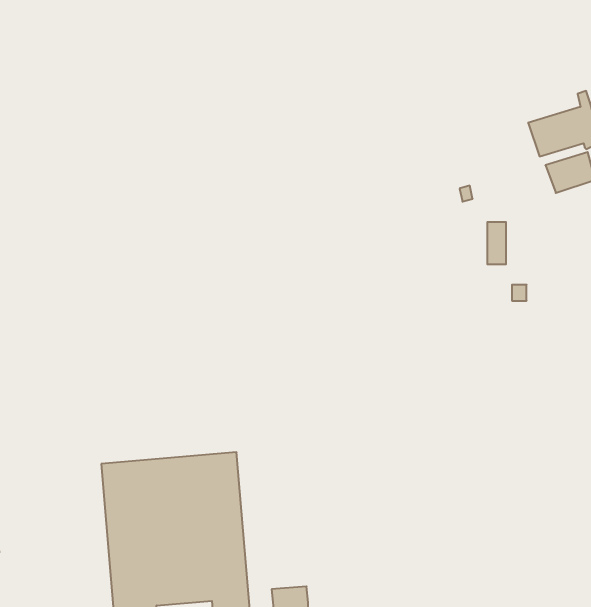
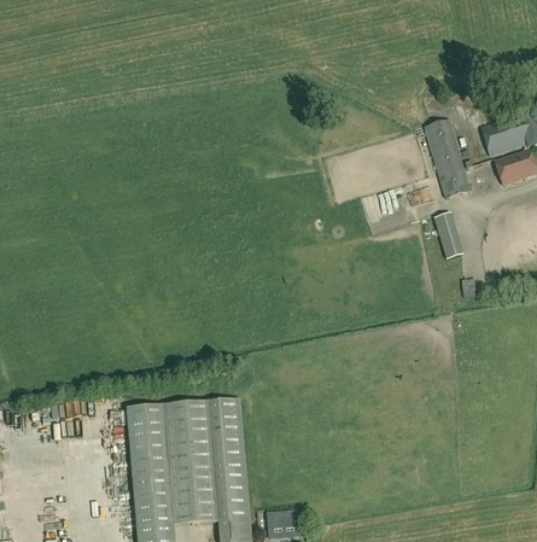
building: none -> [425,121,473,199]

